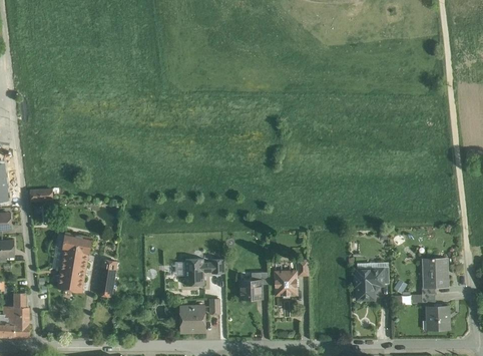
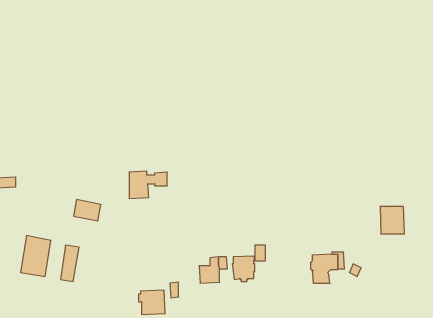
building: [62,233,90,255] -> [74,200,101,221]
building: [184,258,223,286] -> [129,171,167,198]
building: [422,259,447,287] -> [380,207,404,234]
building: [426,307,449,329] -> none

